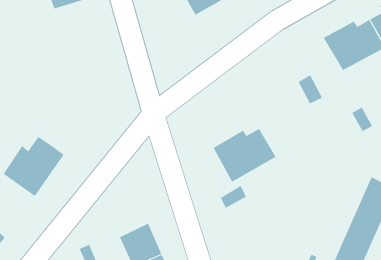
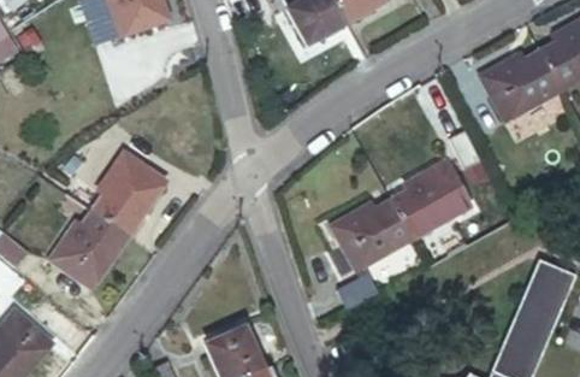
building: none -> [95,149,167,234]
building: none -> [393,160,472,236]

